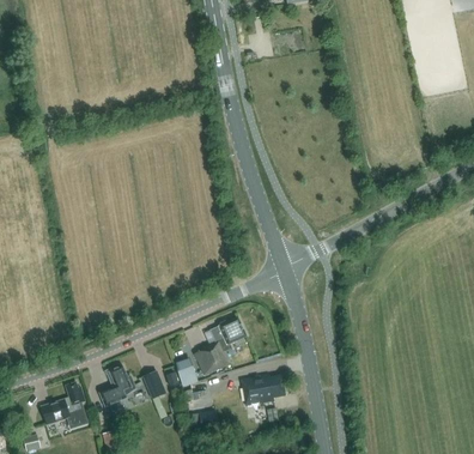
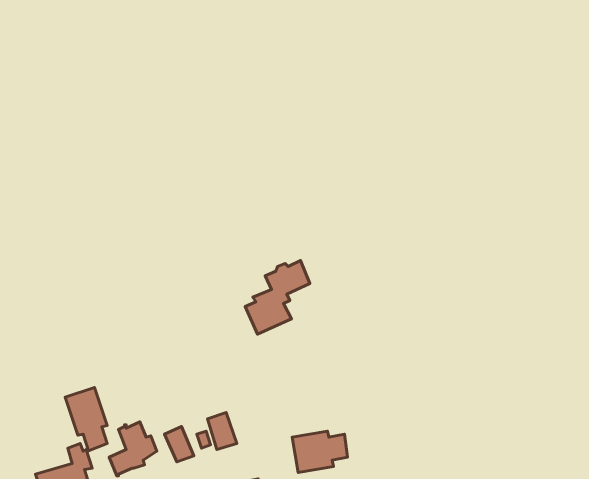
building: [194,319,244,376] -> [245,260,310,334]
building: none -> [65,387,107,451]

